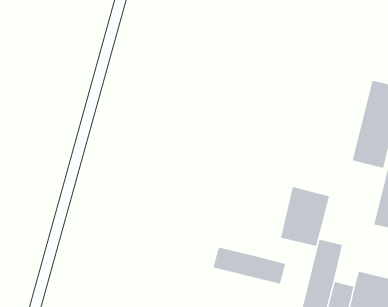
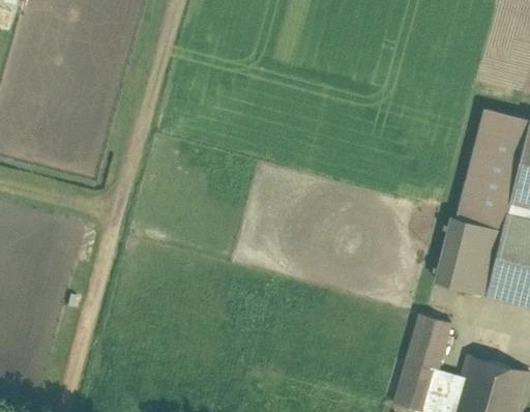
building: [280,186,330,247] -> [437,216,501,294]
building: [213,247,286,285] -> none

